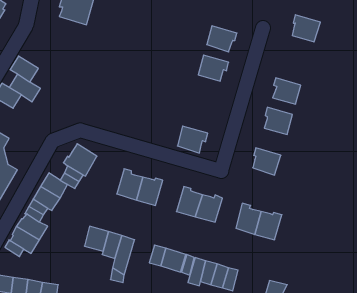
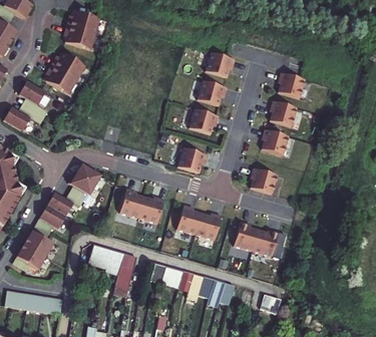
building: [292,15,320,42] -> [278,70,305,96]
building: none -> [44,52,84,93]
building: none -> [189,108,218,133]

